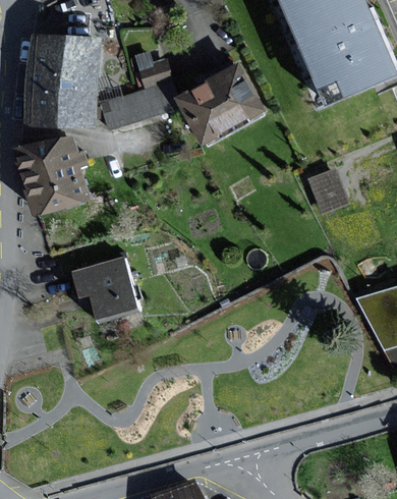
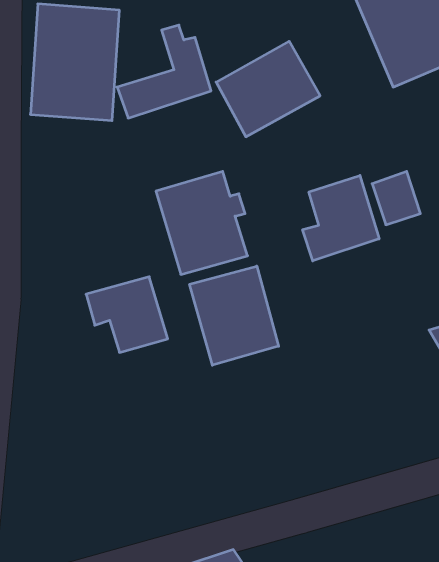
building: [17,132,93,217] -> [156,171,248,274]
building: none -> [303,175,379,261]
building: none -> [190,266,279,365]

